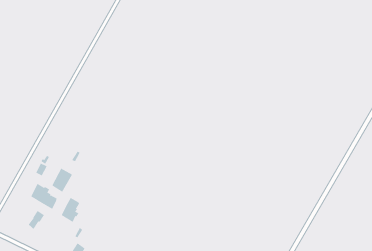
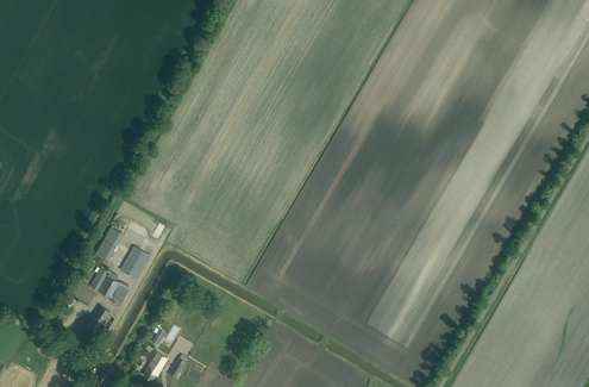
building: [61,197,80,223] -> none

